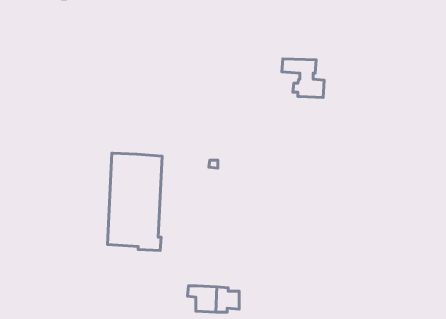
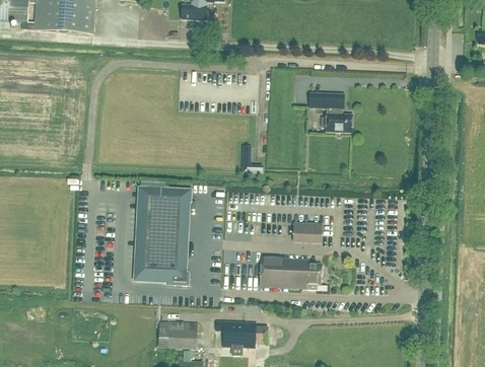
building: none -> [292,221,321,240]
building: none -> [259,255,321,289]
building: none -> [166,319,197,348]

